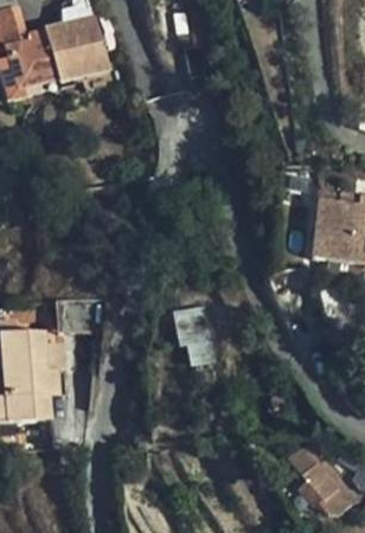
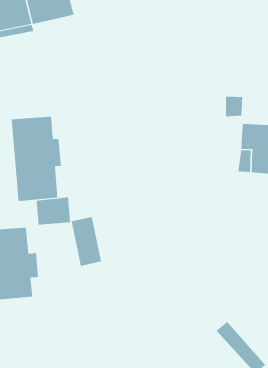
building: none -> [11,116,61,202]
building: [177,300,216,362] -> [71,216,102,266]

